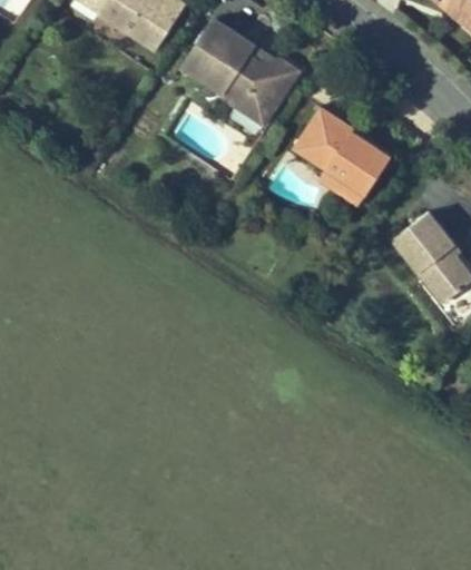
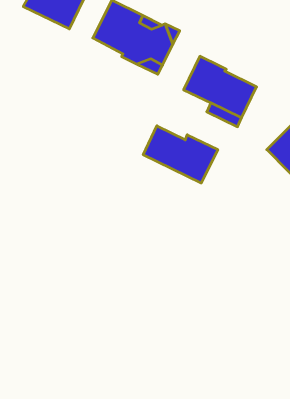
building: none -> [143,126,218,183]

